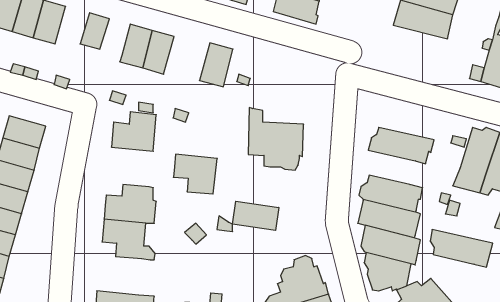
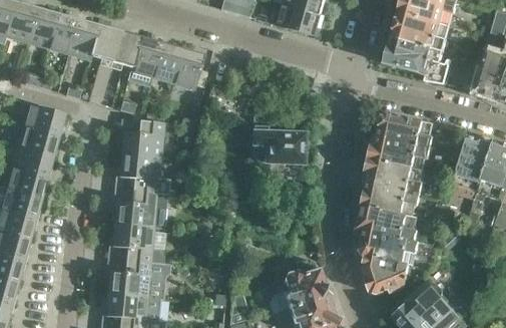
building: none -> [67,19,100,61]
building: none -> [110,31,139,66]
building: none -> [385,37,450,84]
building: [199,43,233,87] -> [171,48,203,90]
building: none -> [23,103,64,134]
building: none -> [376,112,433,147]
building: [173,154,217,194] -> [119,154,161,193]
building: [233,201,279,230] -> none
building: [430,230,493,267] -> [366,157,426,194]
building: none -> [107,260,169,298]

